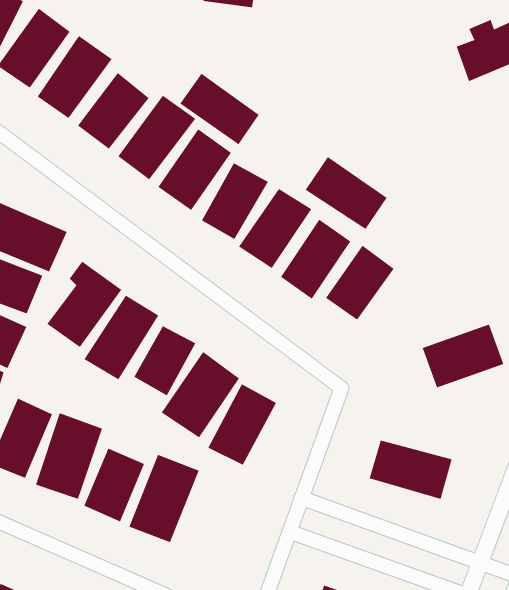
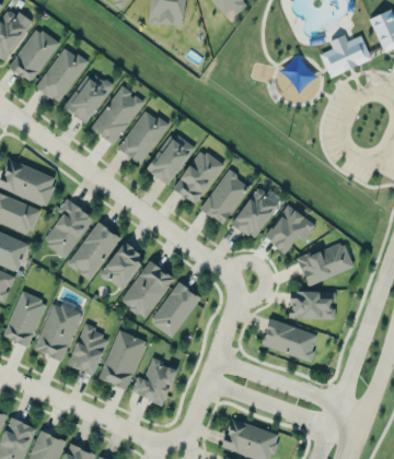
building: [179,73,259,145] -> none
building: [305,156,387,230] -> none
building: none -> [265,205,316,254]
building: none -> [290,292,335,319]
building: none -> [131,358,177,405]

